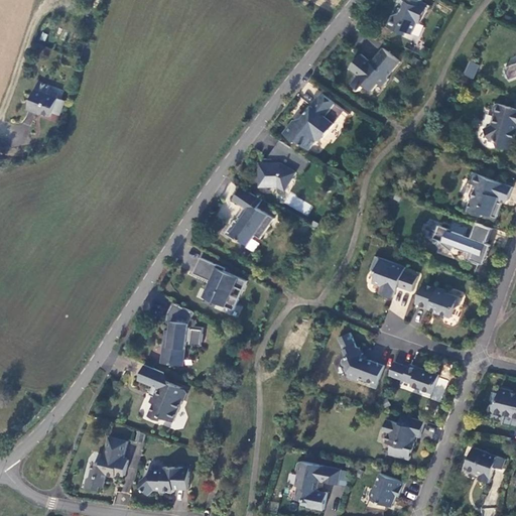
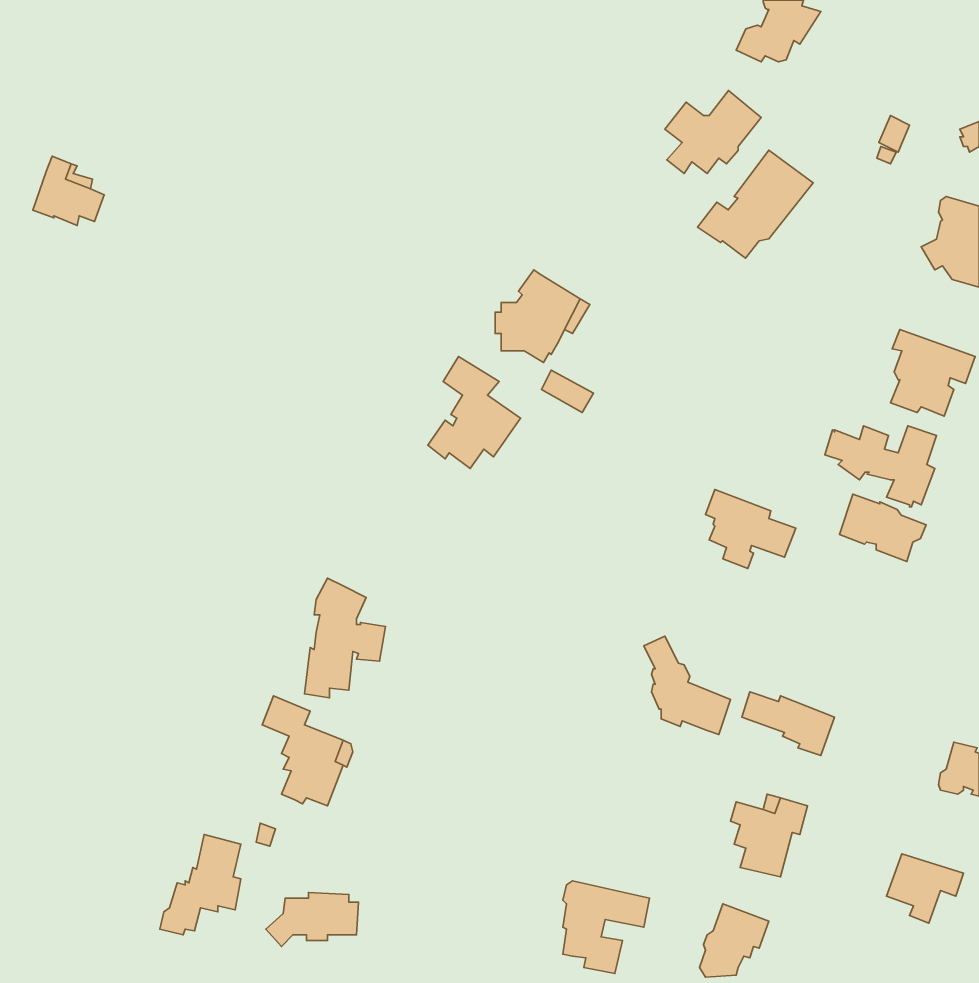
building: [282,94,343,150] -> [697,150,813,258]
building: [191,258,245,310] -> none
building: [414,283,460,318] -> [839,494,926,562]

